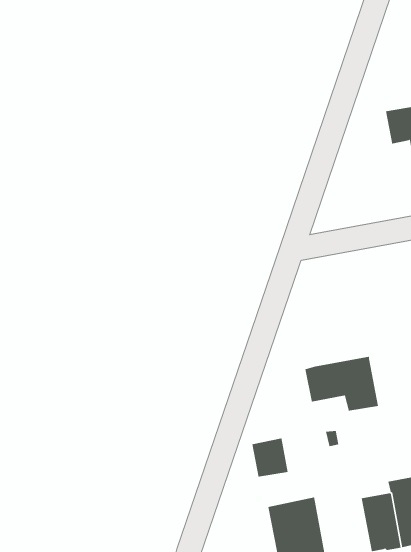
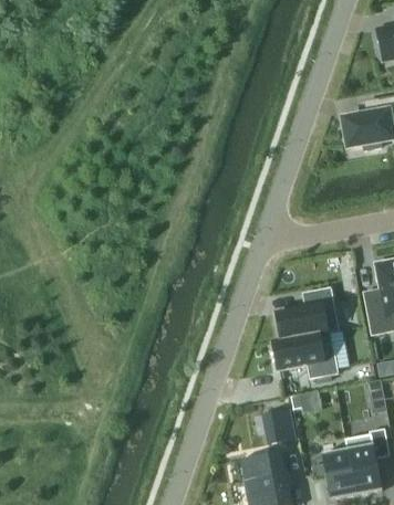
building: none -> [276,288,338,339]
building: [251,438,288,477] -> [262,409,294,443]

